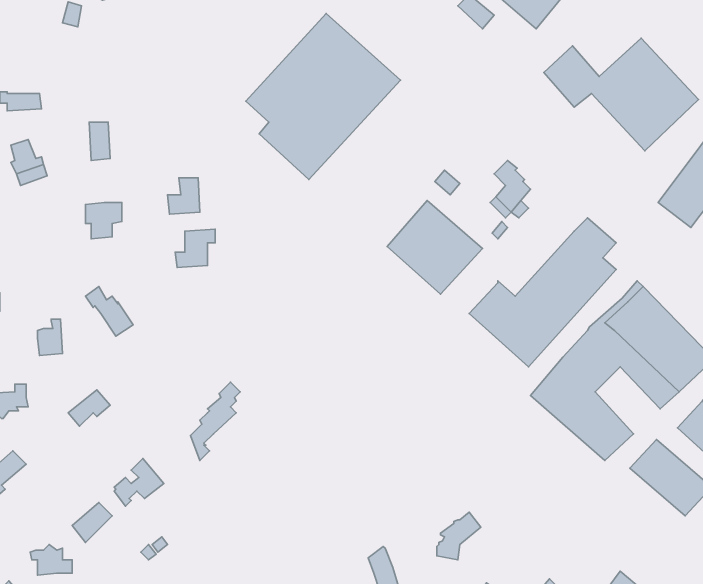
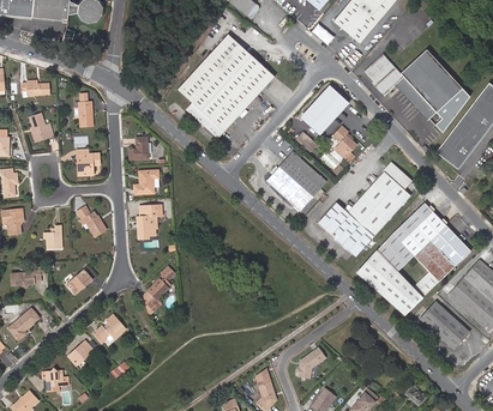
building: none -> [300,83,350,134]
building: none -> [137,204,162,236]

